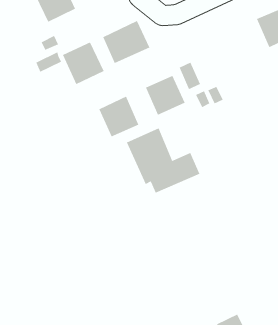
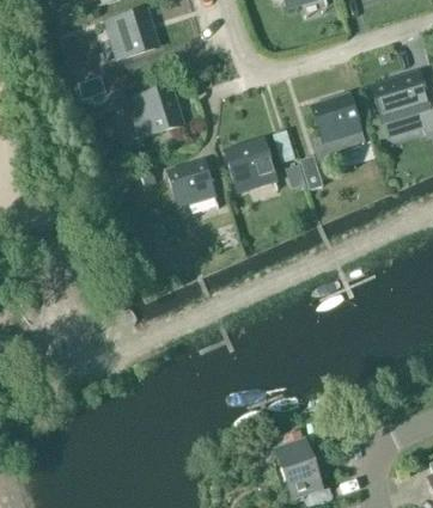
building: [103,20,150,64] -> none
building: none -> [310,96,364,164]
building: [126,128,200,193] -> none

